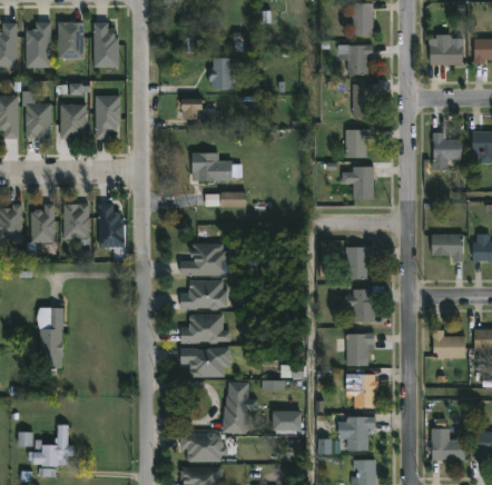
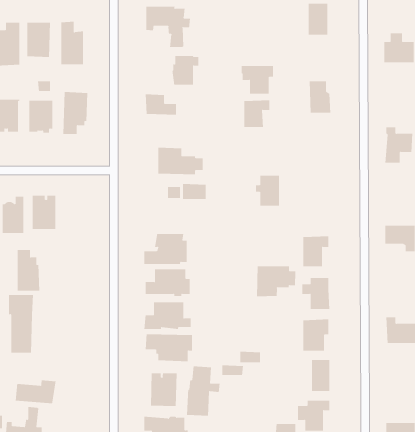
building: none -> [146,6,190,48]
building: [337,44,372,75] -> [241,65,274,94]
building: [345,129,373,158] -> [243,100,270,128]
building: [347,167,373,199] -> [255,175,280,206]
building: [100,205,125,248] -> [17,250,40,291]
building: none -> [256,266,296,297]
building: none -> [150,372,177,407]
building: none -> [15,380,56,404]
building: [274,409,304,430] -> none

